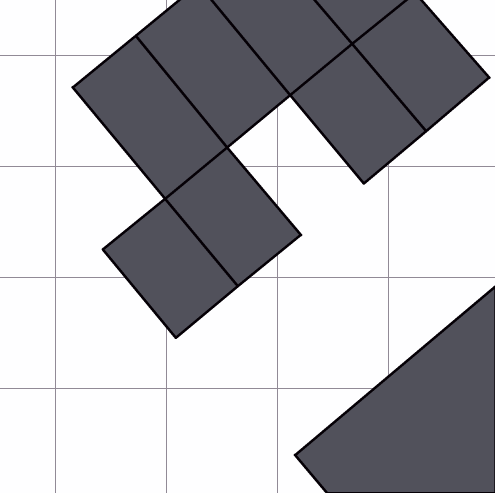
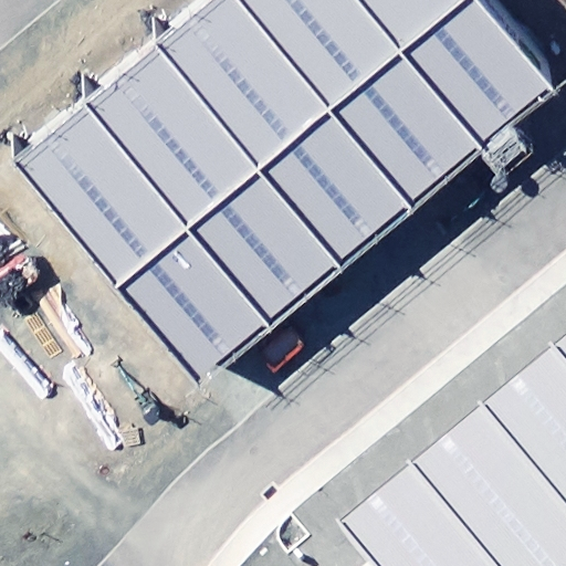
building: none -> [14,99,189,284]
building: none -> [260,108,416,268]

